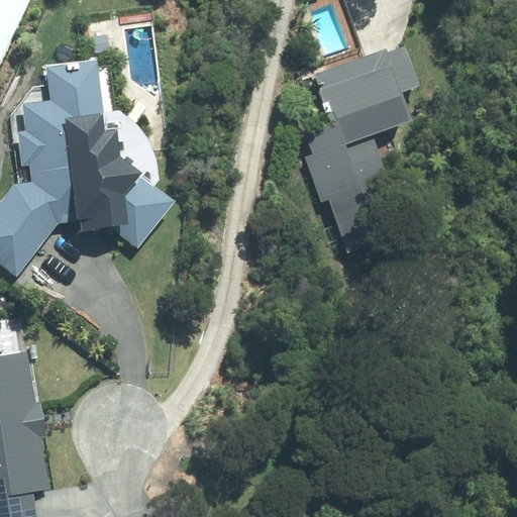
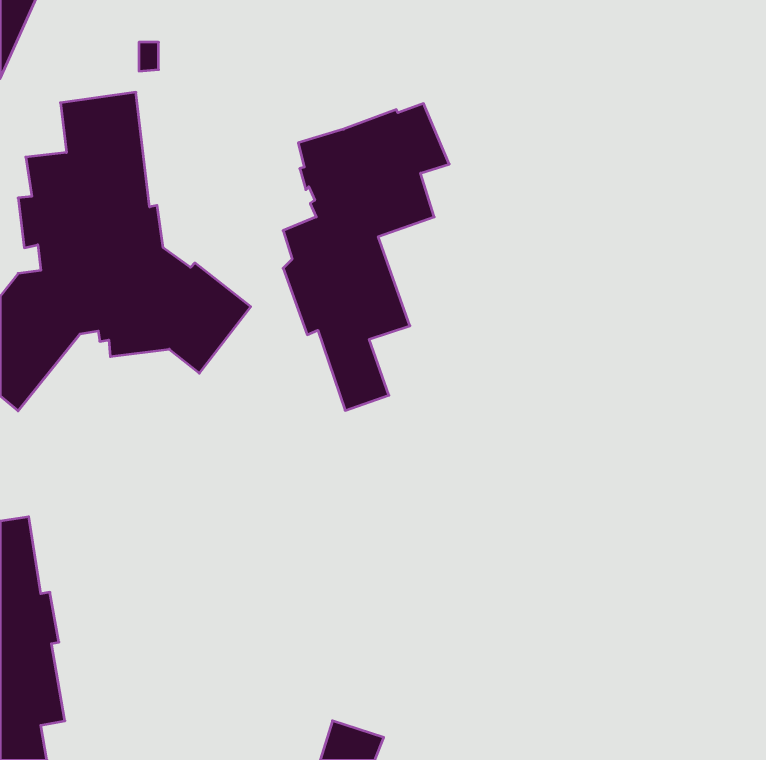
building: [307,42,418,247] -> [283,104,449,410]

